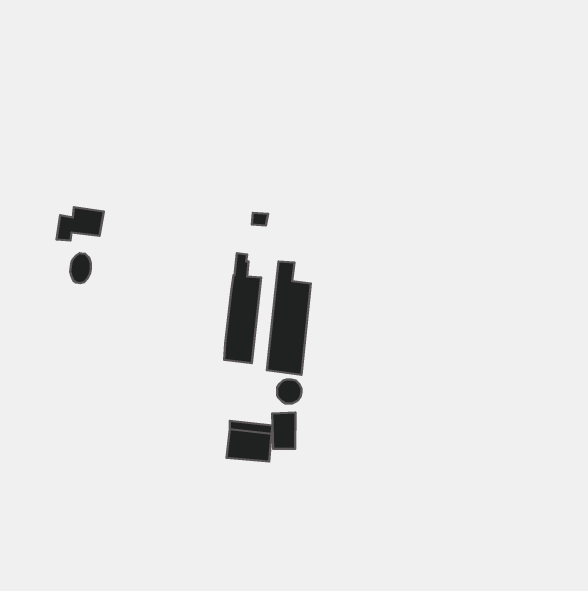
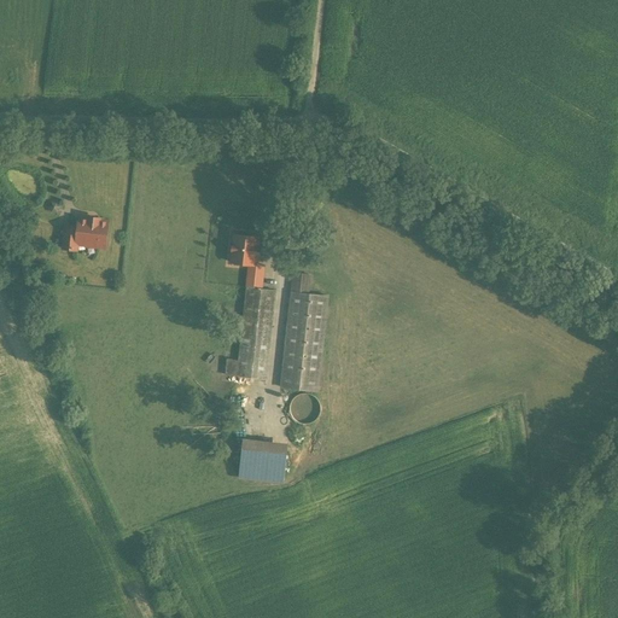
building: none -> [229,237,261,266]
building: [70,253,91,283] -> none
building: [272,413,295,449] -> none

